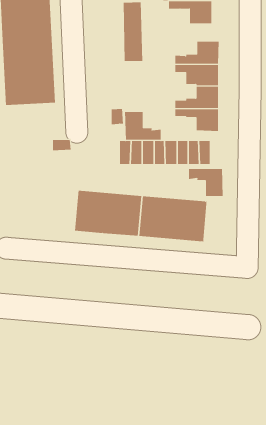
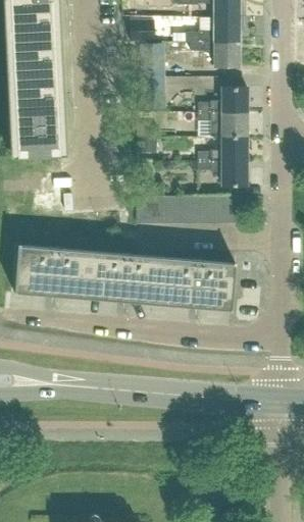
building: [125,111,161,141] -> none
building: [188,168,223,197] -> none
building: none -> [14,244,91,297]

